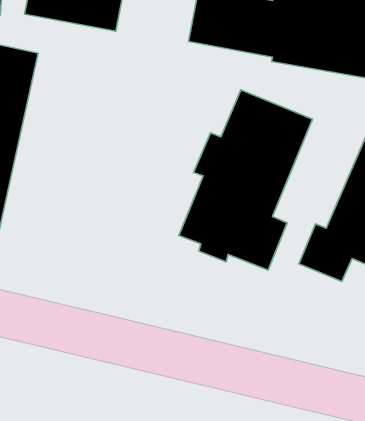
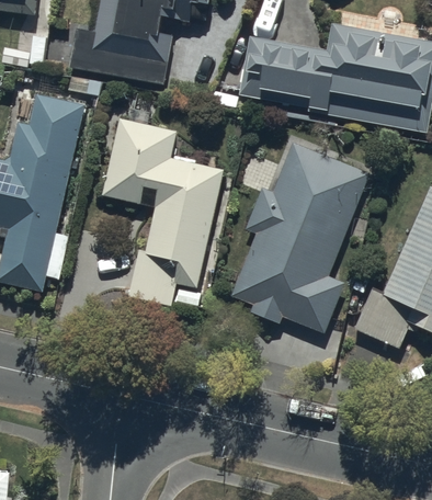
building: none -> [103,118,224,306]

